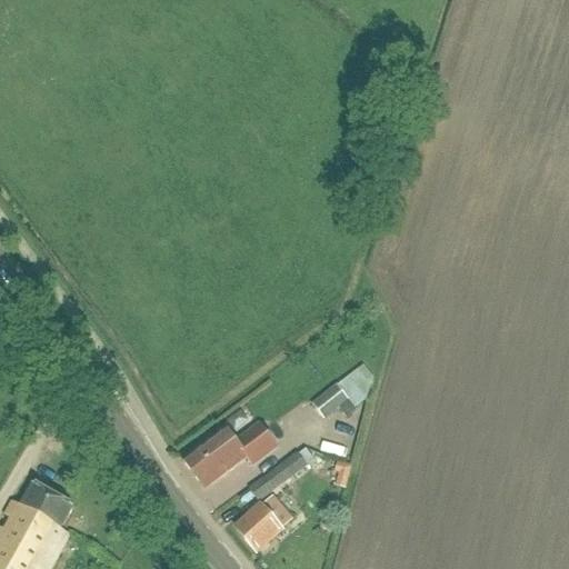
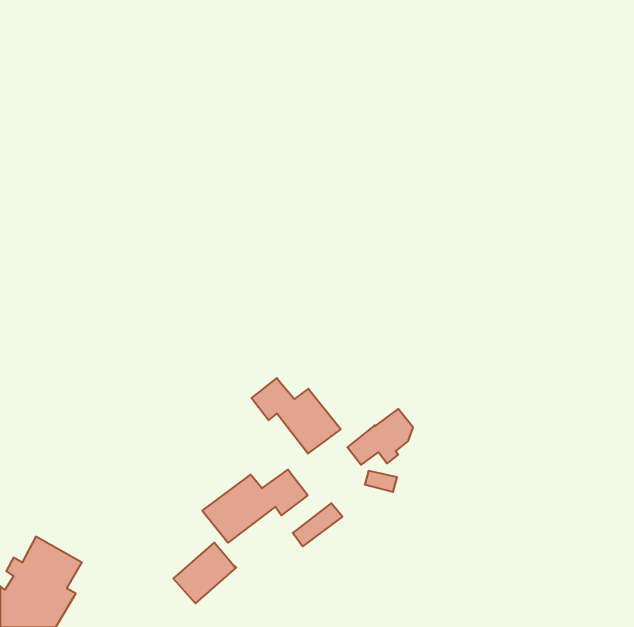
building: none -> [251,378,341,454]
building: [236,495,292,549] -> [173,543,236,603]

